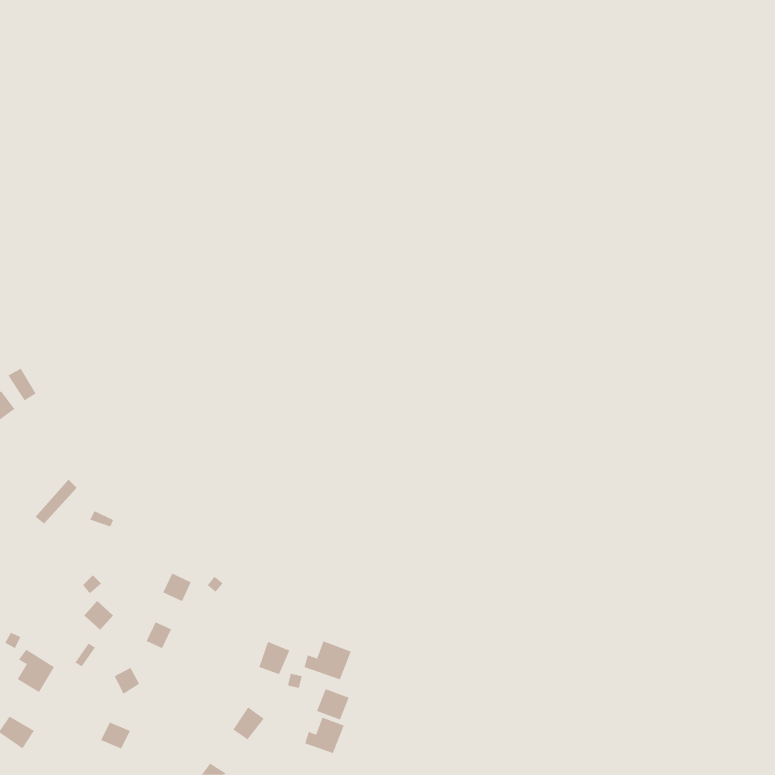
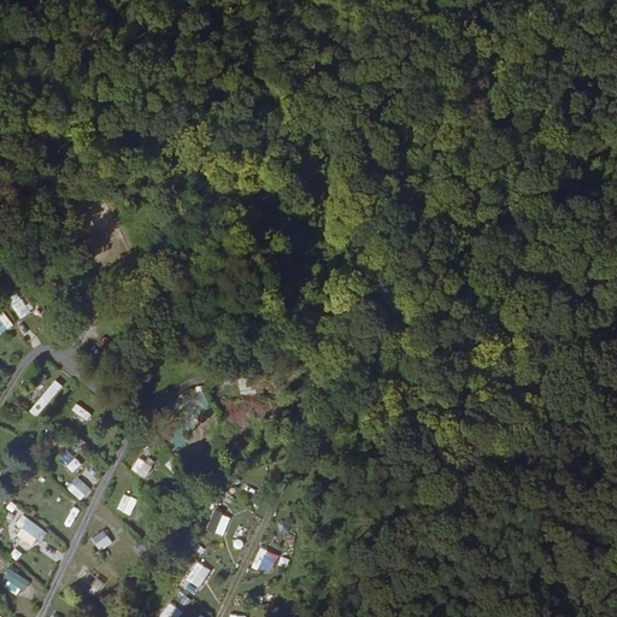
building: [304,641,351,680] -> none
building: [305,717,344,754] -> none

